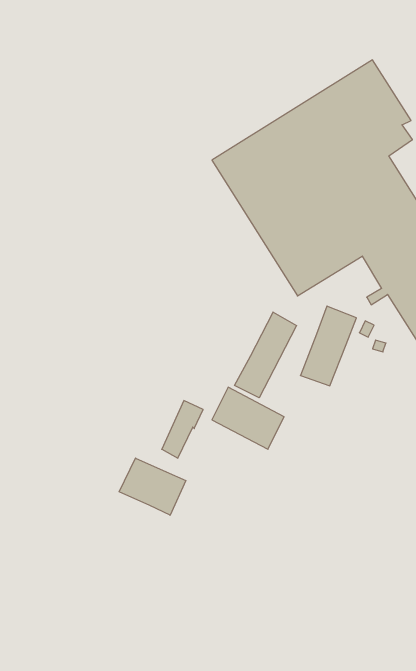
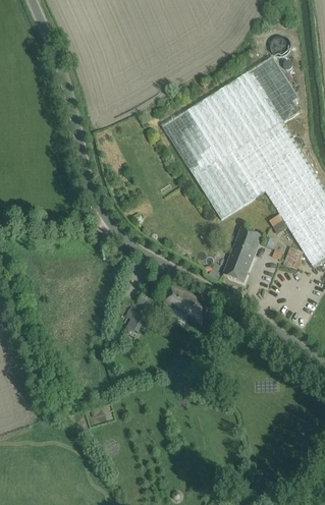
building: [235,312,297,398] -> none
building: [119,458,186,515] -> none

